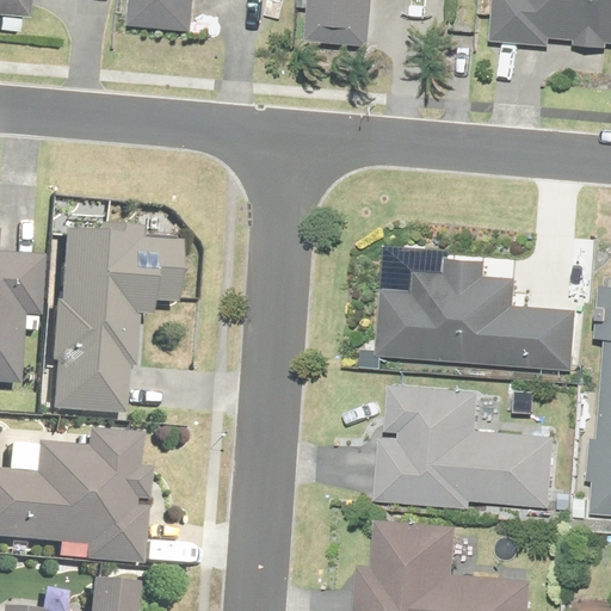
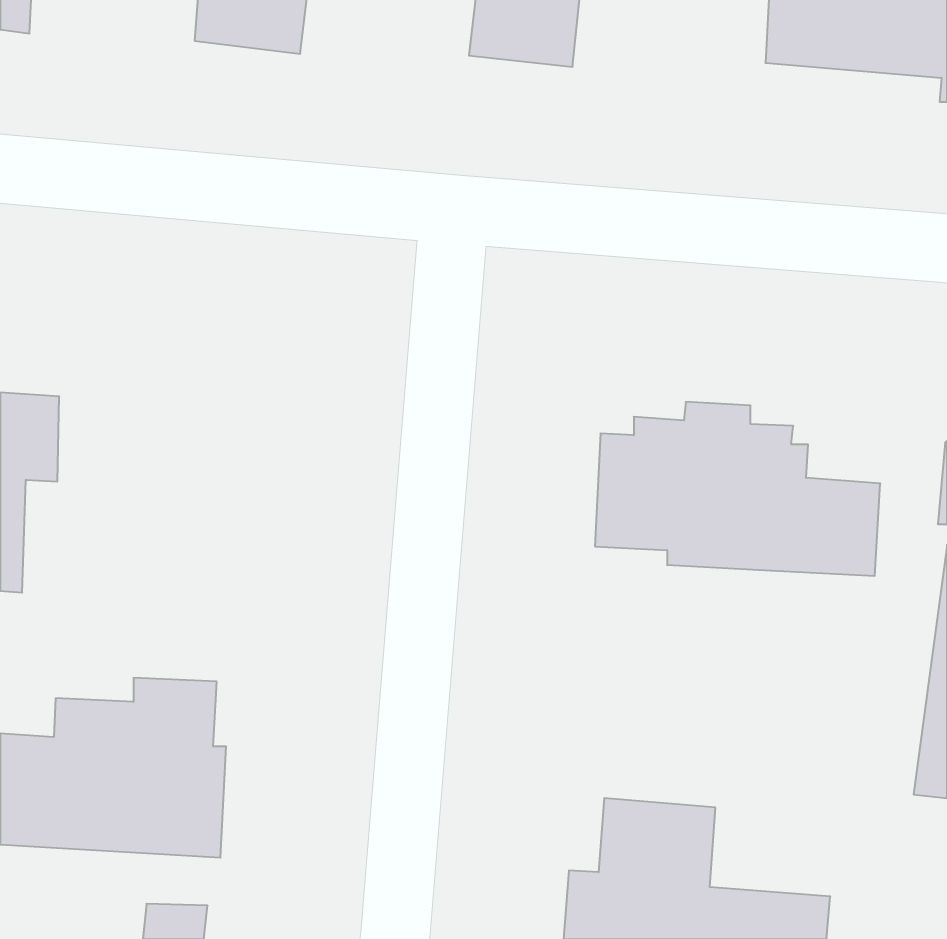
building: [43,228,174,416] -> none
building: [377,385,557,508] -> none

